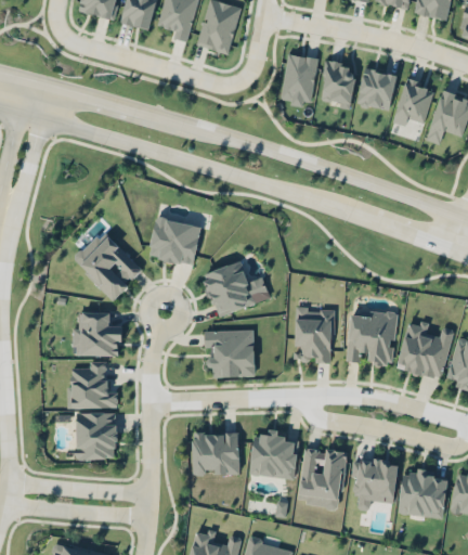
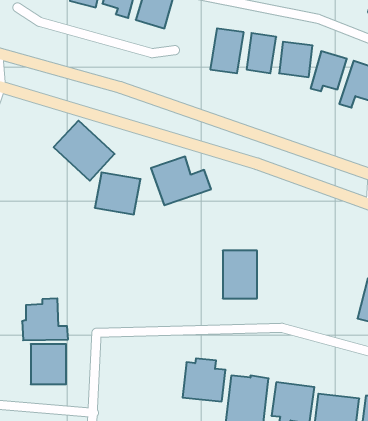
building: [74,231,143,299] -> [54,121,115,181]
building: [203,261,271,317] -> [151,157,211,205]
building: [347,310,398,365] -> none
building: [74,312,121,357] -> none
building: [398,321,454,379] -> none
building: [205,330,256,377] -> none
building: [193,433,240,476] -> none

